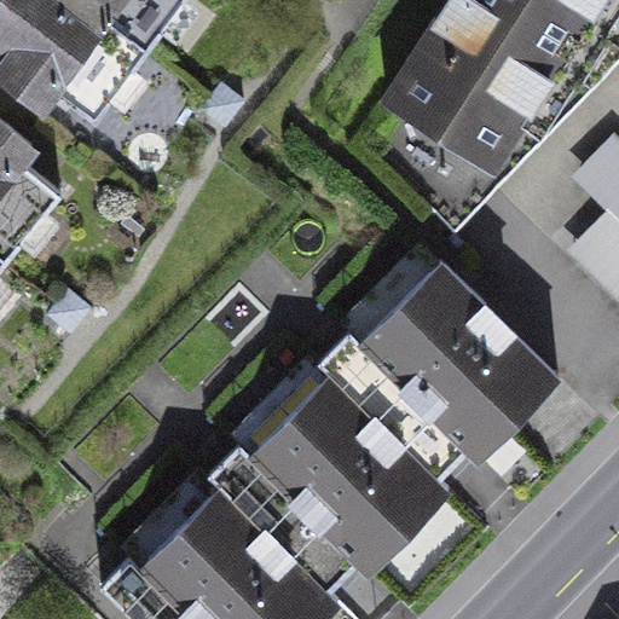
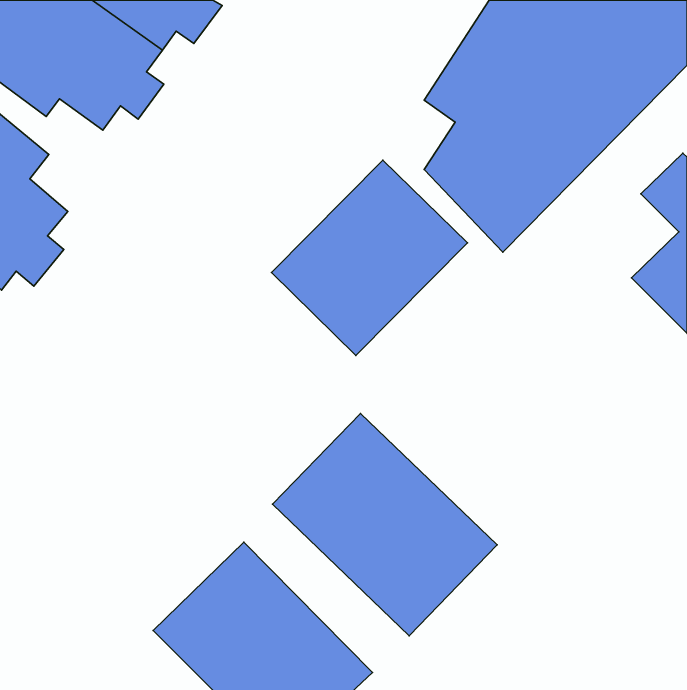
building: none -> [272,160,467,355]
building: [354,251,559,455] -> none

